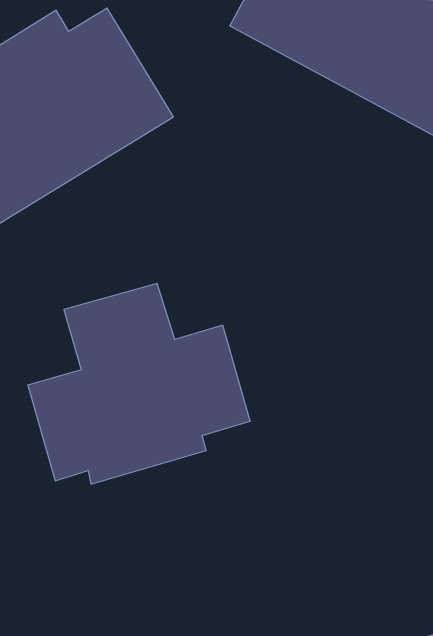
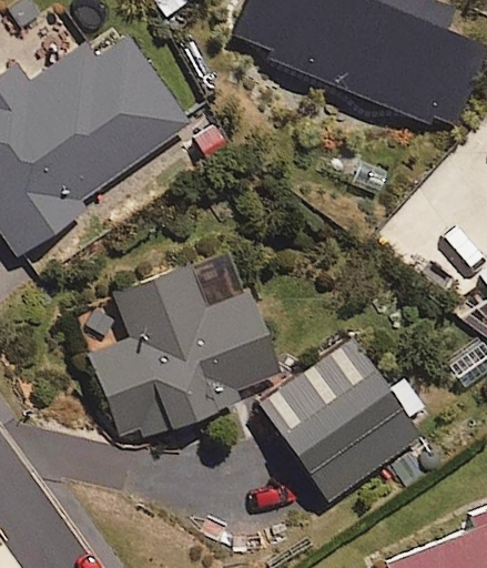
building: none -> [260,336,424,501]

